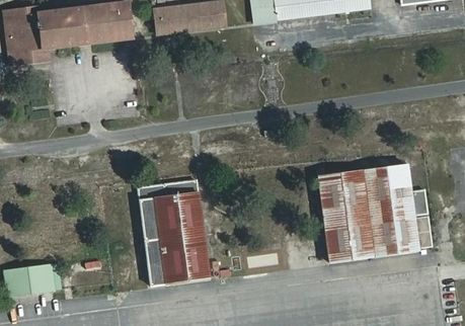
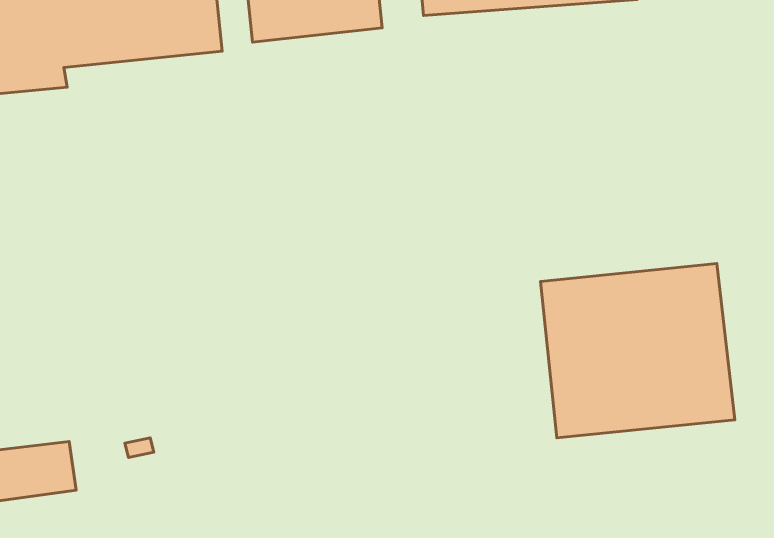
building: [138,177,212,283] -> none

